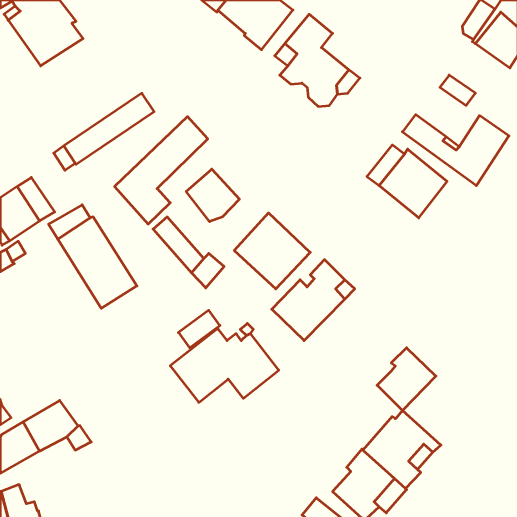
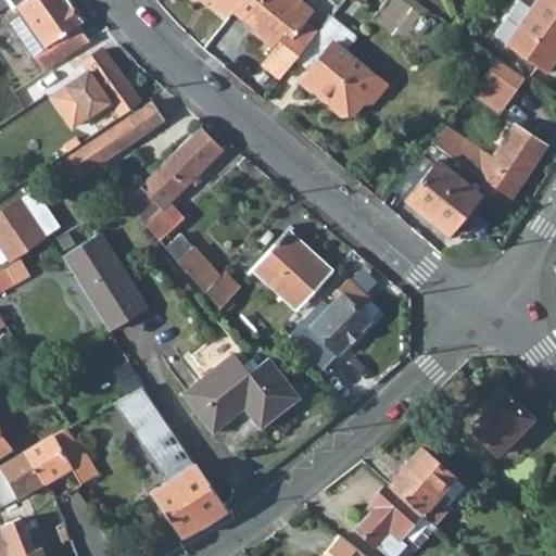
building: none -> [52,46,139,128]
building: none -> [482,60,527,101]
building: [186,169,239,222] -> none
building: [377,348,436,411] -> [471,388,534,455]
building: none -> [116,387,228,538]

